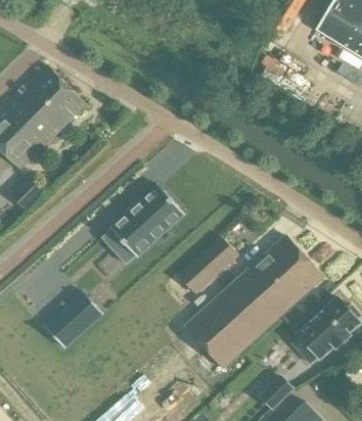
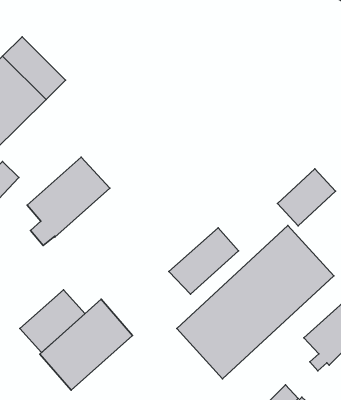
building: none -> [278,169,336,226]
building: [110,186,184,265] -> [27,157,110,245]
building: none -> [40,299,133,390]

